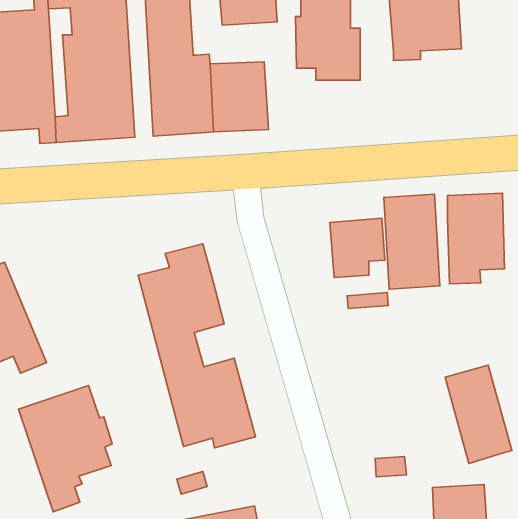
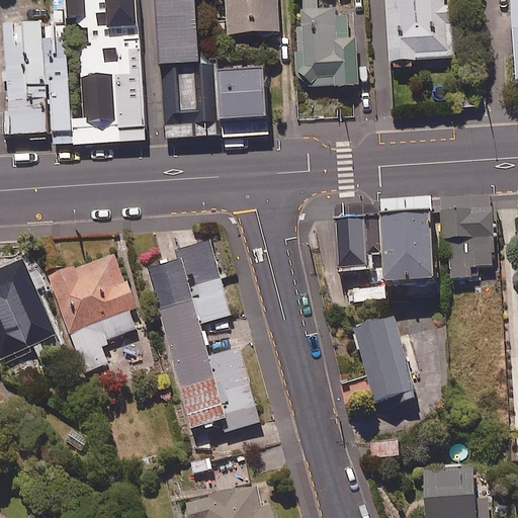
building: [445,365,512,463] -> [353,318,416,410]
building: [19,386,112,512] -> [48,253,136,371]

